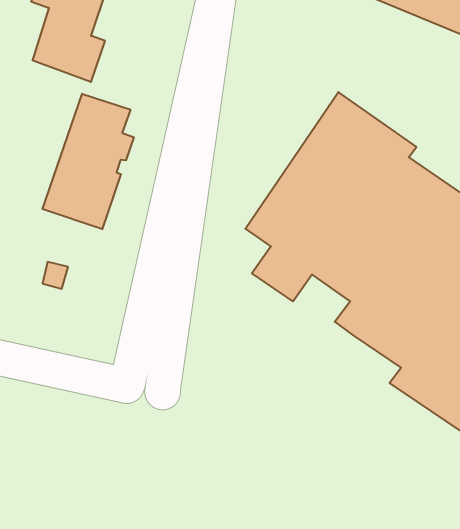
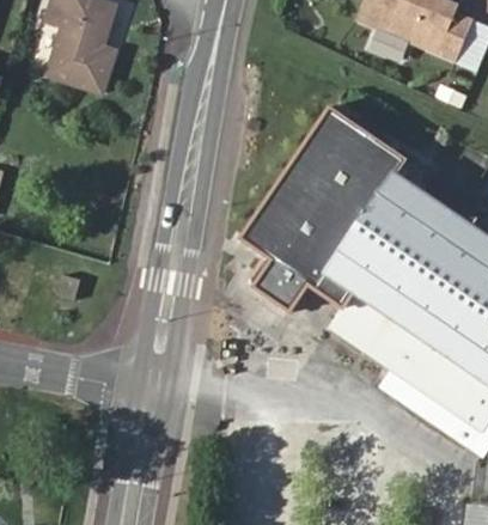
building: [42,94,134,229] -> none

